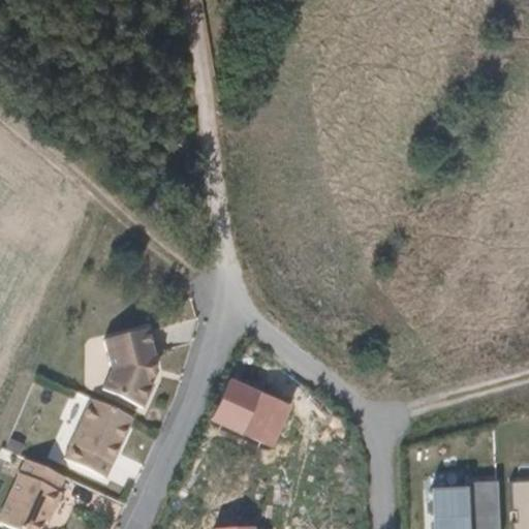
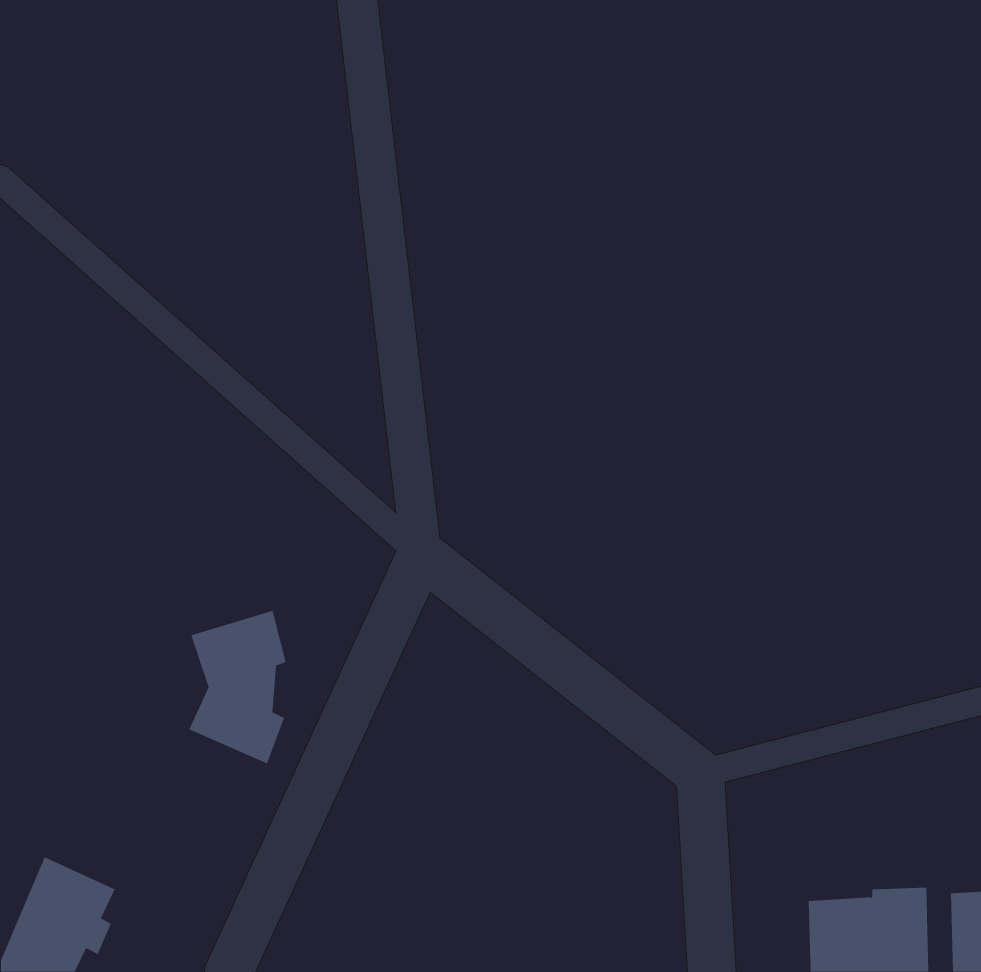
building: [215,378,285,440] -> none
building: [66,401,134,476] -> none

